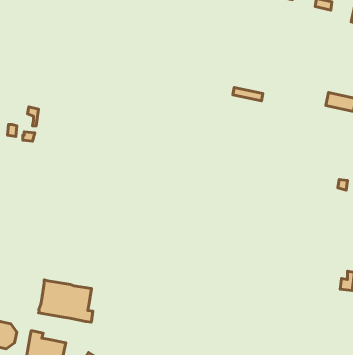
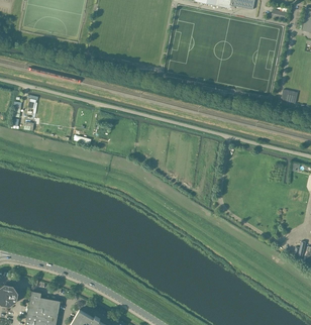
building: [39,280,93,322] -> none

